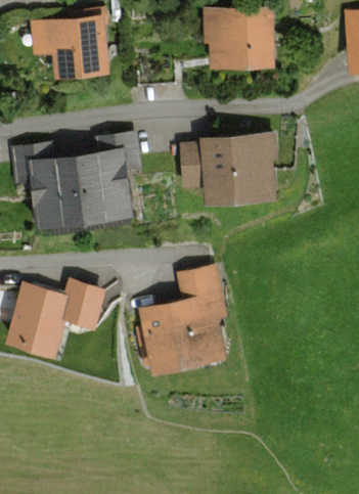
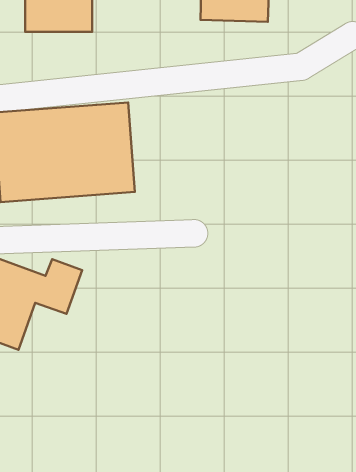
building: [194,139,282,203] -> none
building: [134,267,232,372] -> none

